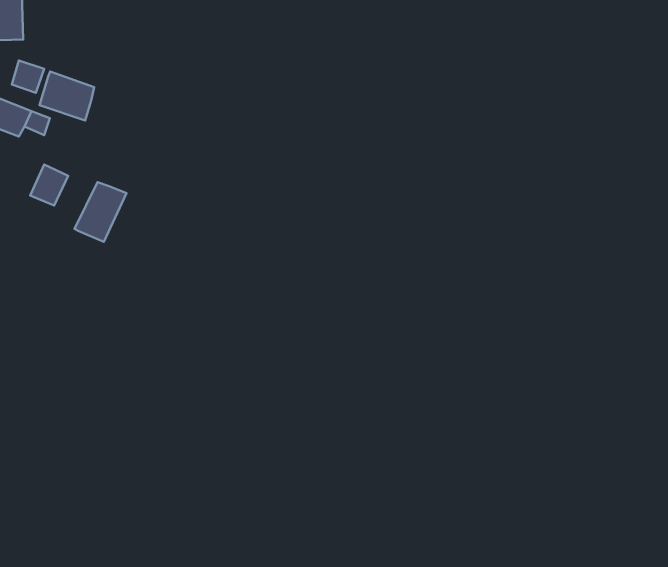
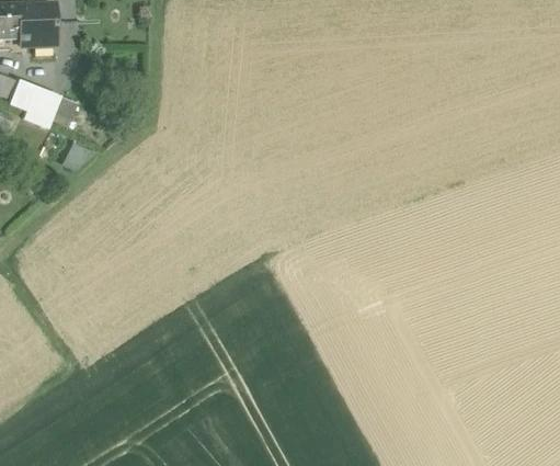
building: [40,71,94,121] -> none
building: [74,182,127,242] -> none

